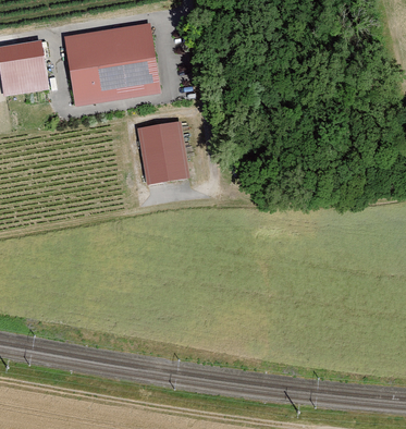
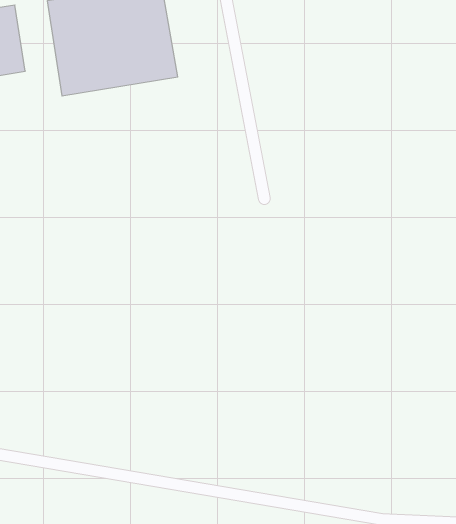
building: [137,120,196,185] -> none

